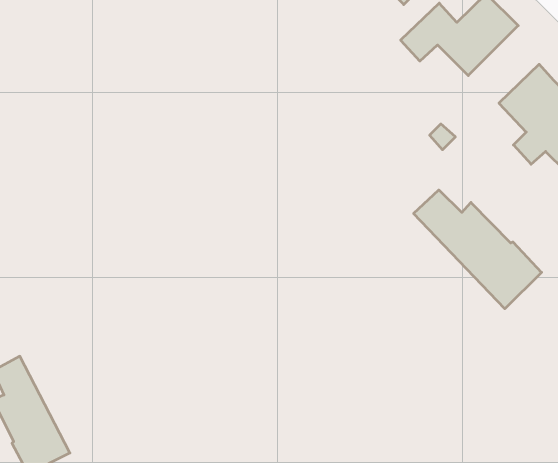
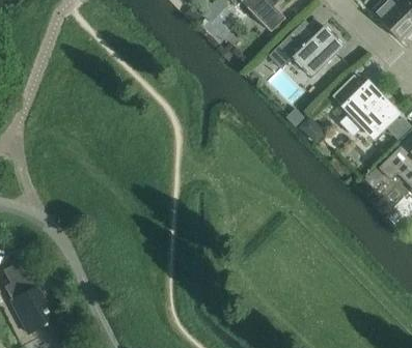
building: [414,190,542,309] -> none

